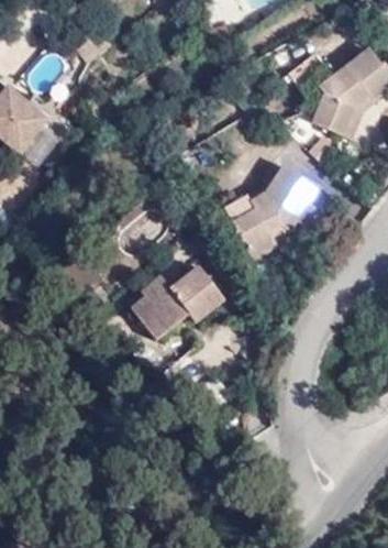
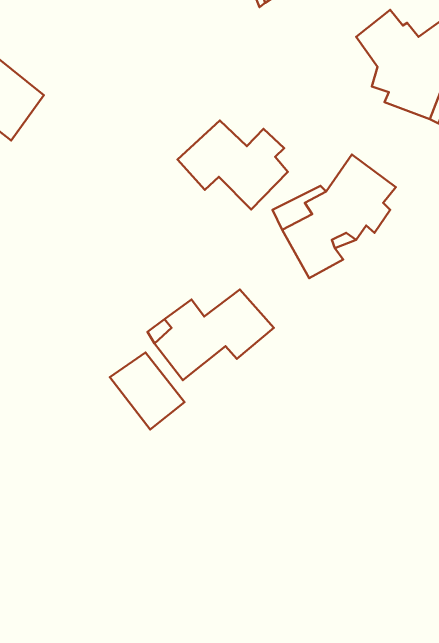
building: none -> [177,120,288,210]
building: none -> [110,352,184,429]

